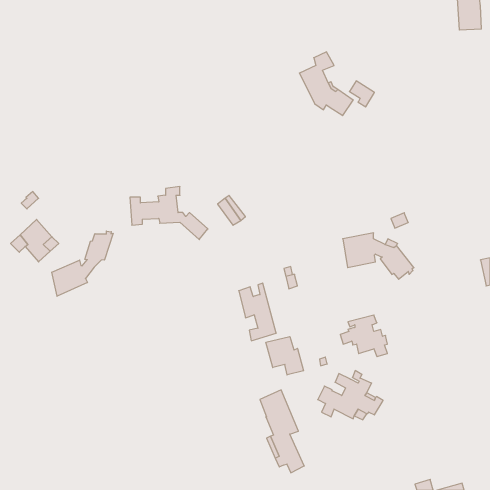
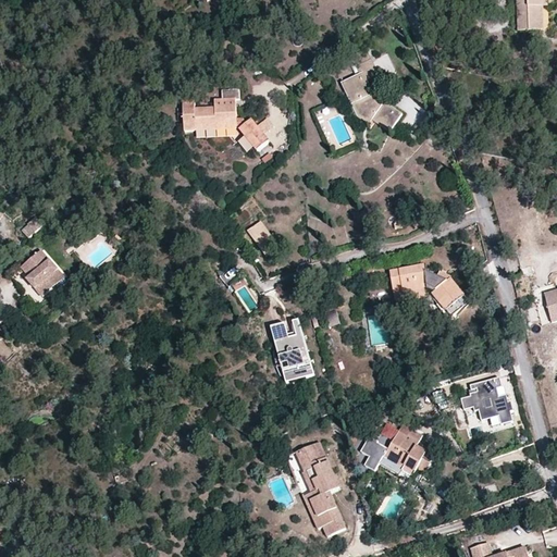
building: [130,187,208,240] -> [181,88,269,148]
building: [52,231,113,296] -> none
building: [340,315,387,357] -> [459,376,512,423]
building: [266,337,304,375] -> none

